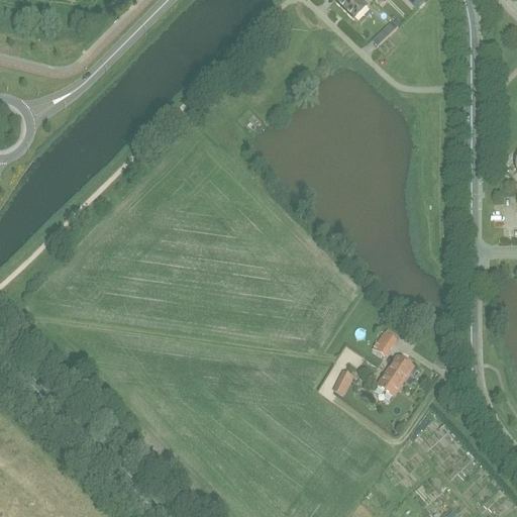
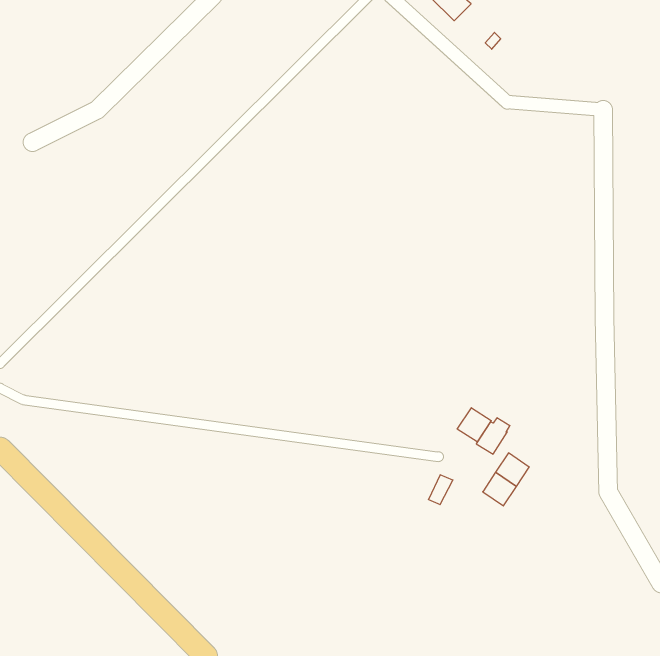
building: none -> [457,408,491,442]

